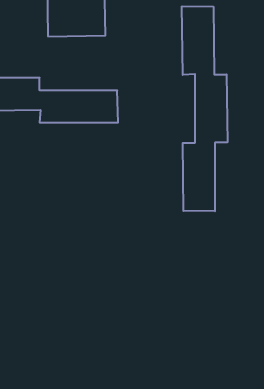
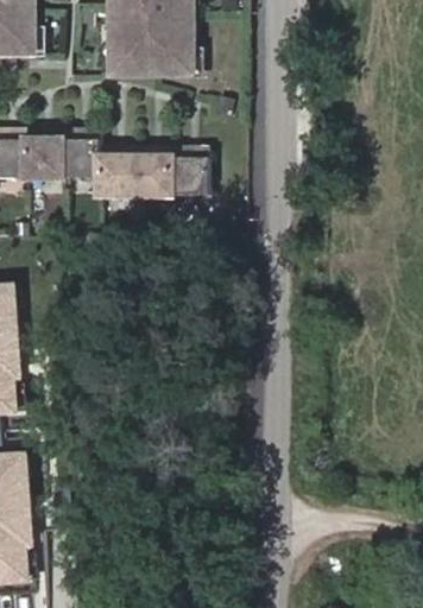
building: [182,6,227,211] -> none

